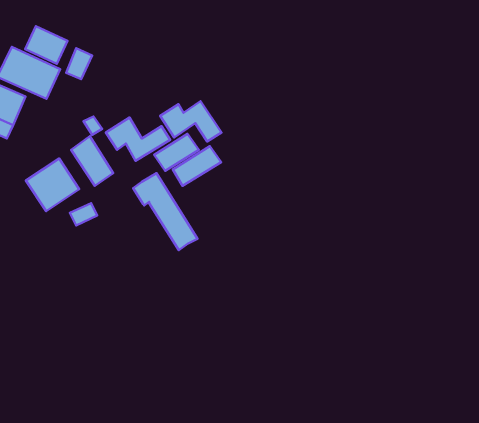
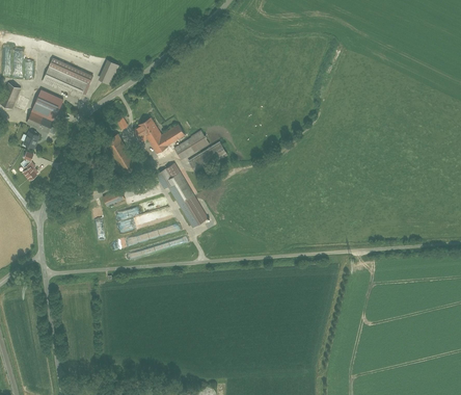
building: [25,26,68,64] -> none
building: [160,101,221,142] -> none
building: [26,159,79,211] -> none

